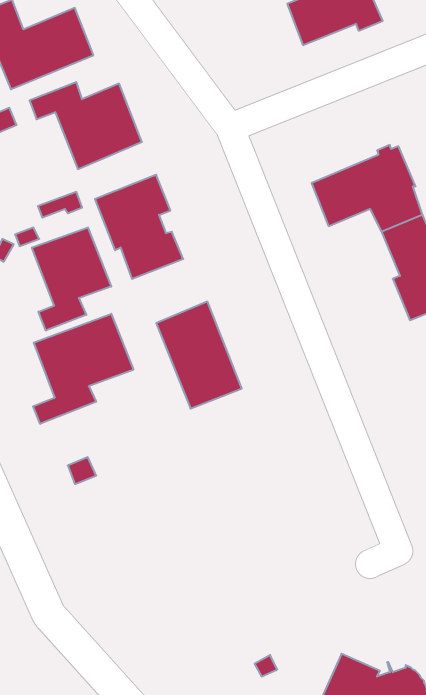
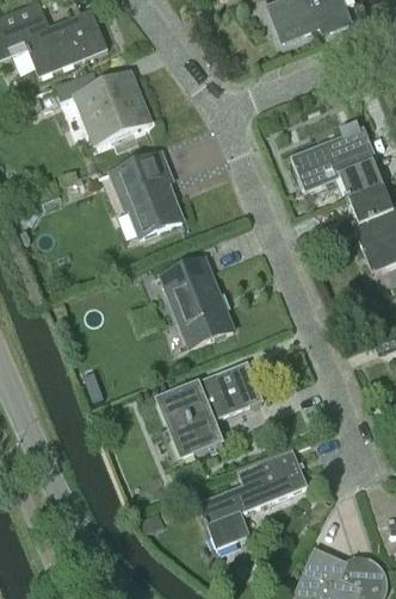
building: [32,227,111,331] -> none
building: [33,314,133,424] -> none
building: none -> [161,360,261,458]
building: none -> [198,448,307,547]

